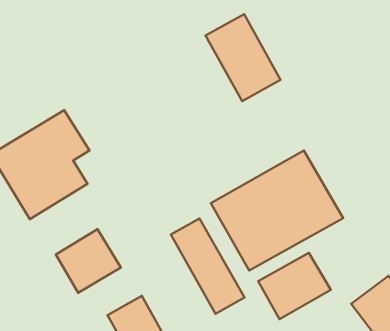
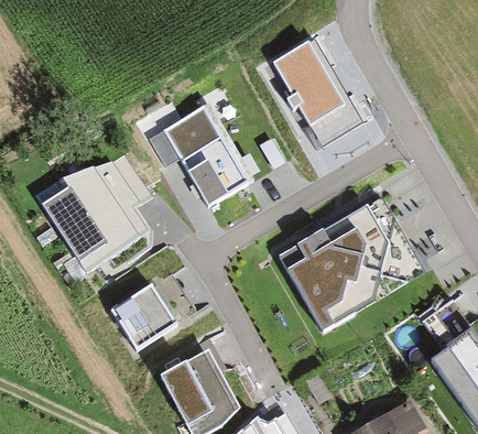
building: none -> [164,109,246,204]
building: [171,218,244,314] -> none
building: [258,253,331,319] -> none

